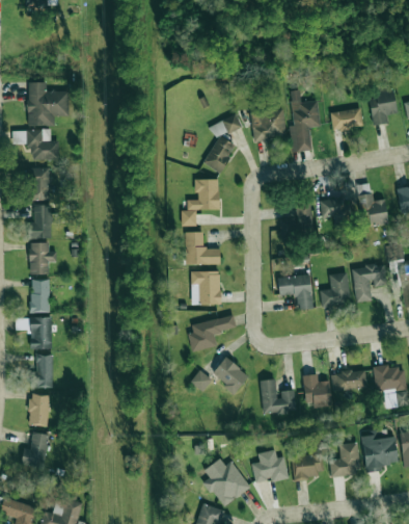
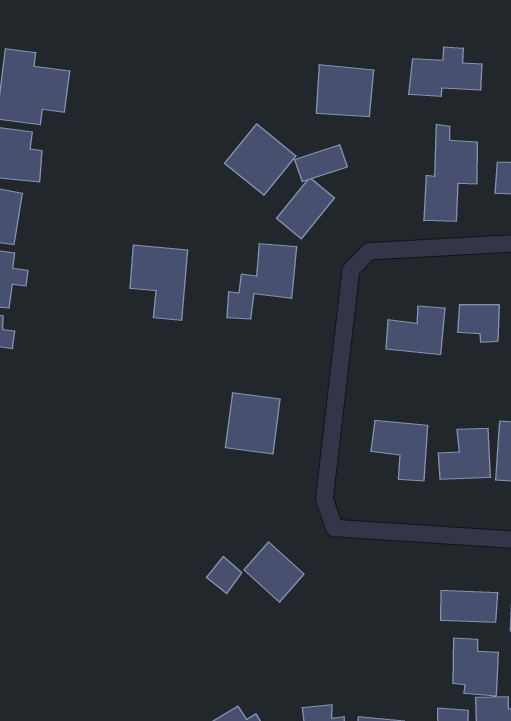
building: none -> [409,47,482,96]
building: none -> [225,124,296,195]
building: [251,111,285,141] -> [316,65,374,117]
building: none -> [130,245,188,320]
building: [185,232,220,265] -> none
building: [188,316,236,351] -> none
building: [302,374,332,408] -> [453,638,499,696]
building: [260,378,296,415] -> none

